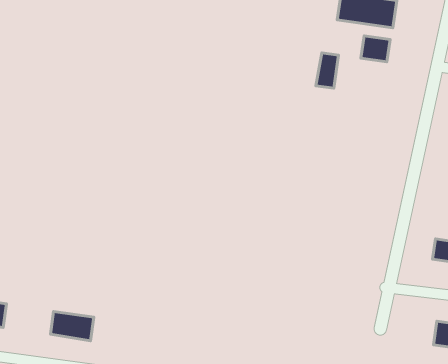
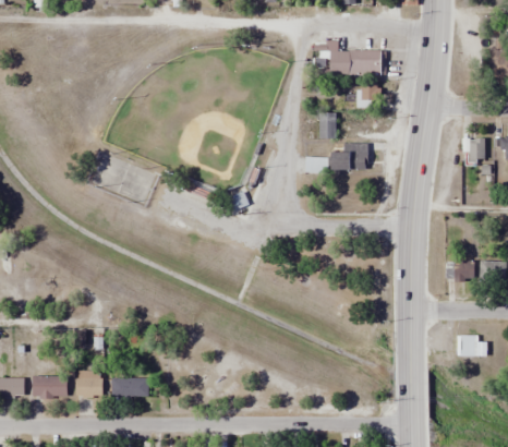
building: none -> [330,143,367,169]
building: none -> [75,371,101,397]

